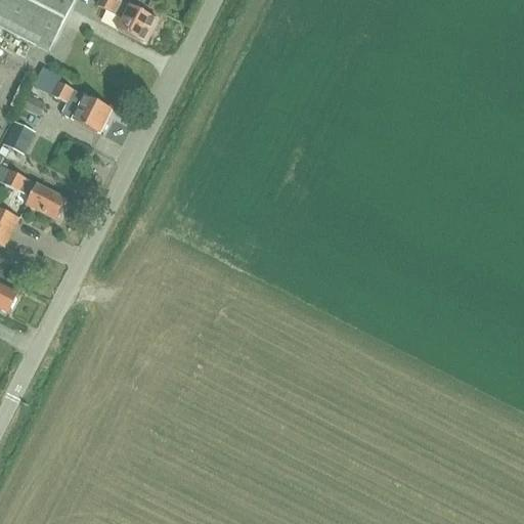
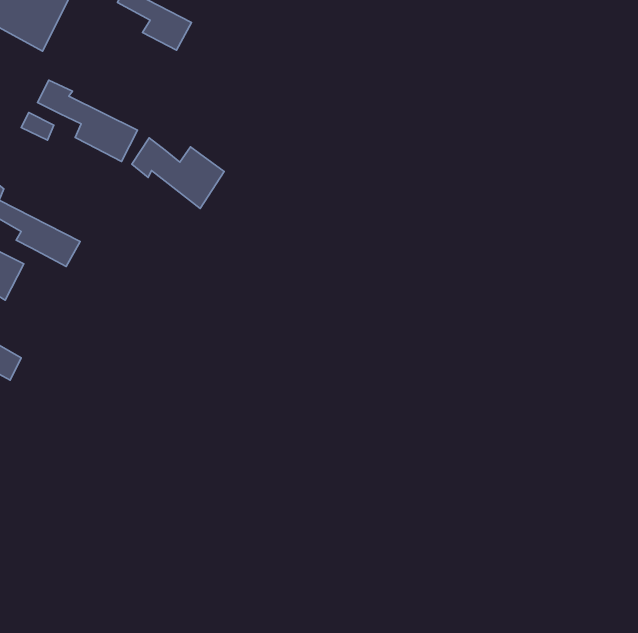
building: none -> [132,138,224,209]
building: [4,121,35,152] -> none

